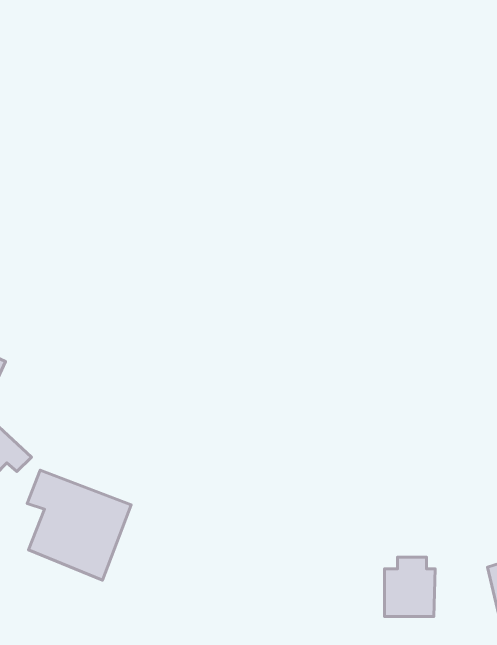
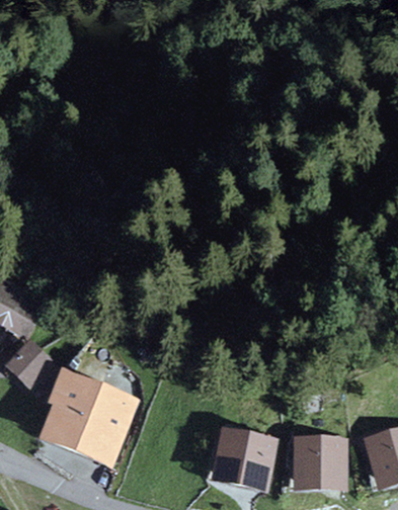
building: none -> [222,430,268,482]

